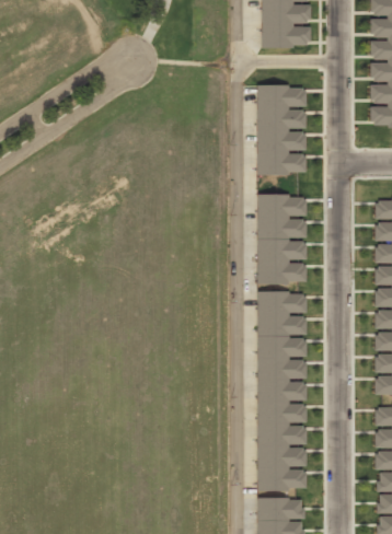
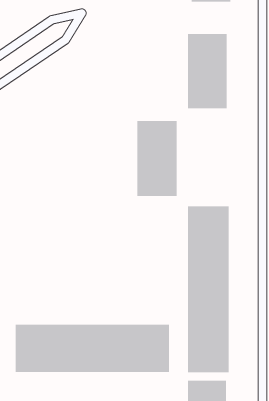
building: [257,195,307,286] -> [136,120,178,197]
building: none -> [15,324,170,373]

